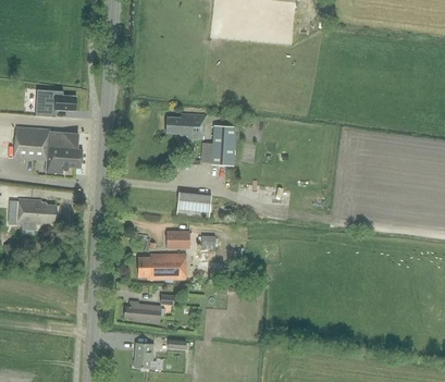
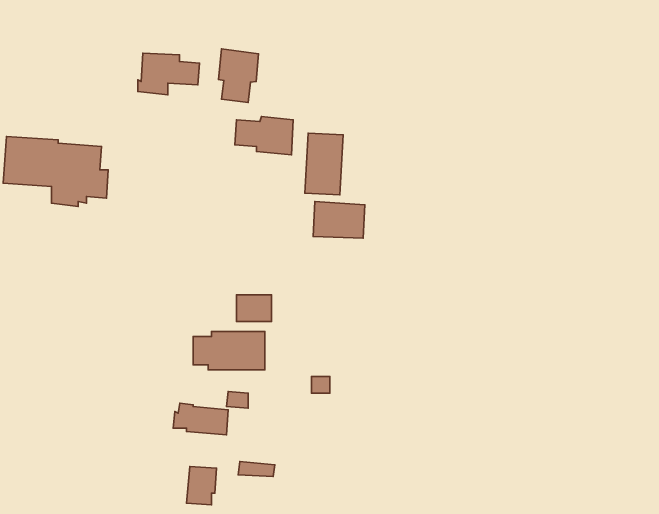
building: none -> [218,49,258,102]
building: [36,88,76,115] -> [138,53,200,95]
building: [176,189,210,213] -> [313,202,365,238]
building: [17,198,55,224] -> none

